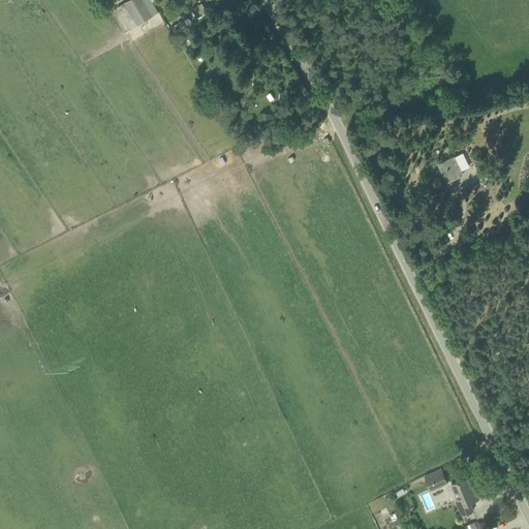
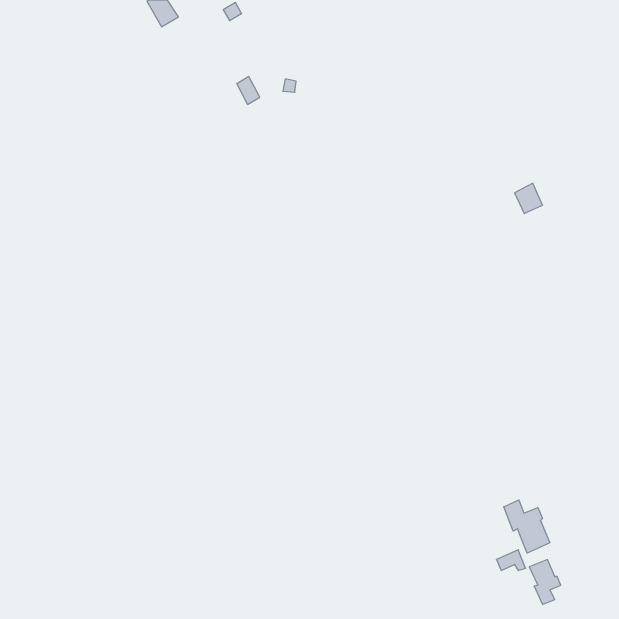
building: none -> [504,500,550,553]

